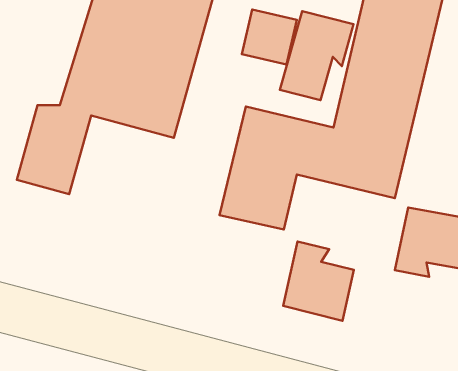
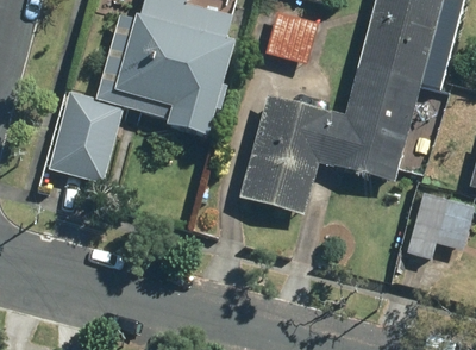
building: [280,11,354,100] -> none
building: [283,242,354,321] -> none

